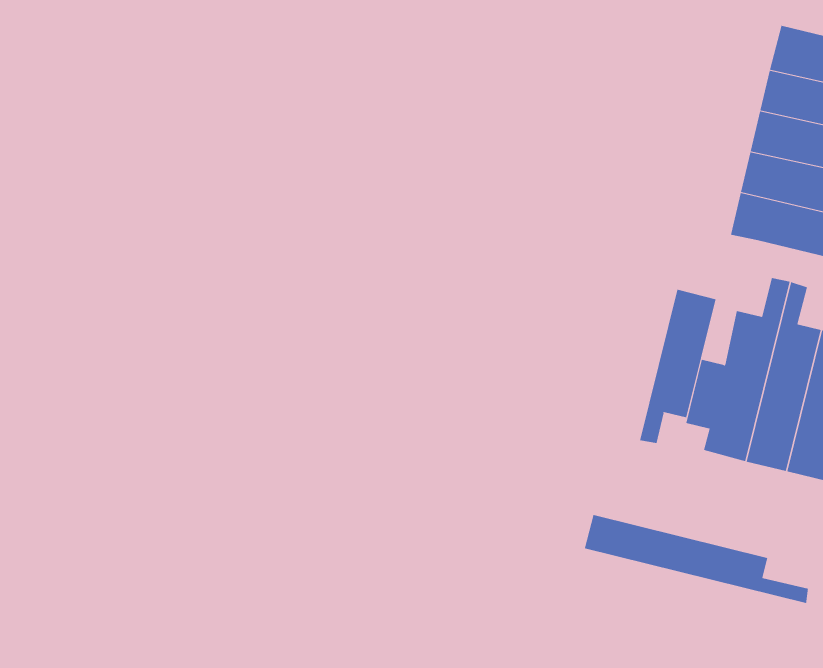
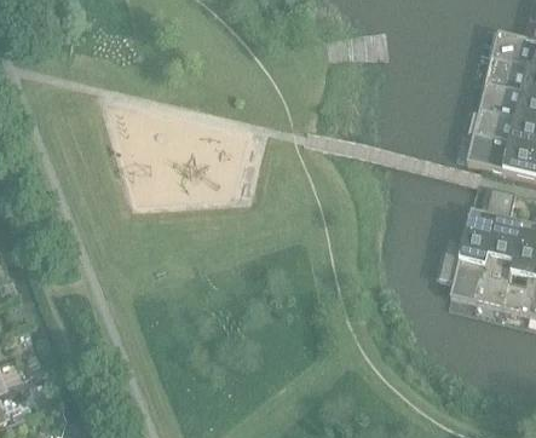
building: [640,289,716,444] -> none
building: [584,514,809,604] -> none

